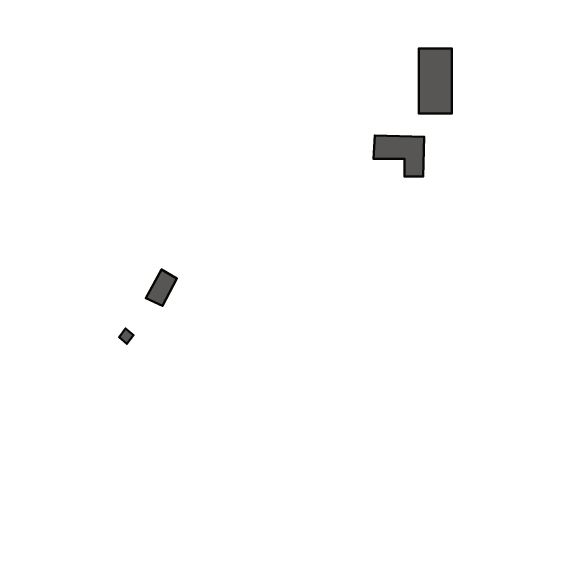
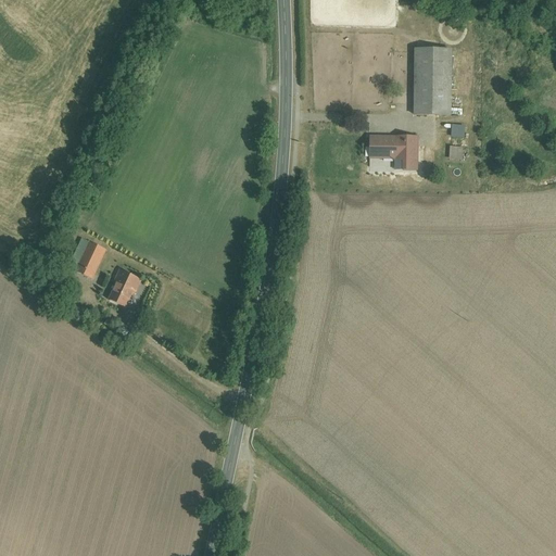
building: none -> [81,241,112,277]
building: [146,270,177,306] -> [110,270,140,306]

